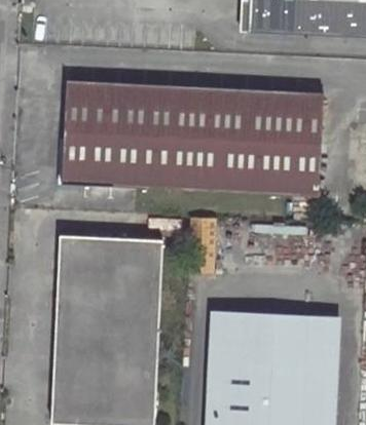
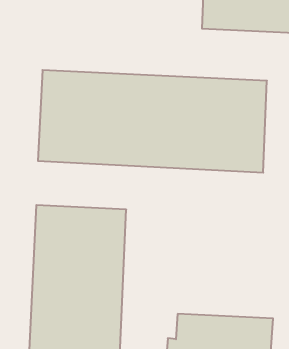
building: [221,311,332,364] -> none

